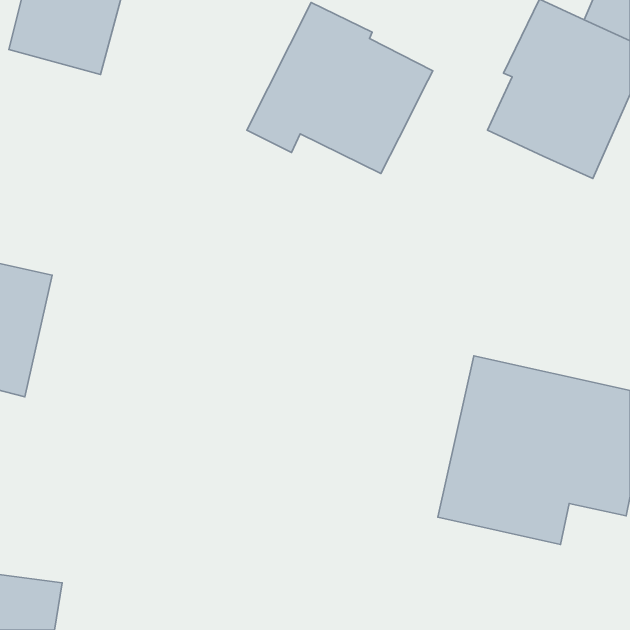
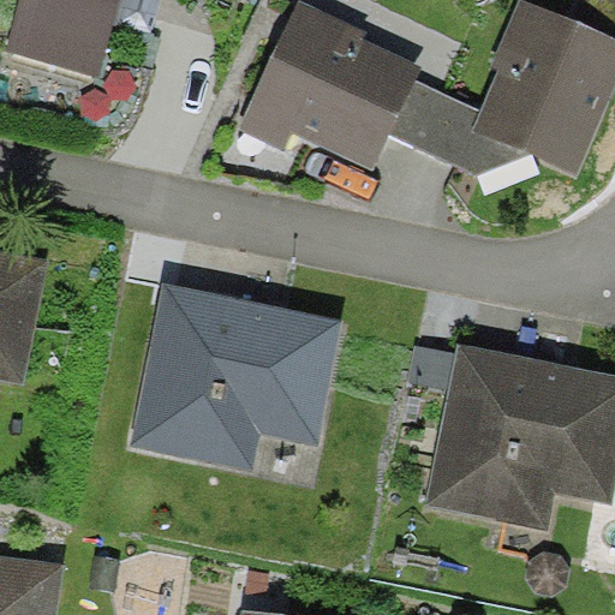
building: none -> [387,78,526,173]
building: none -> [131,286,341,467]

